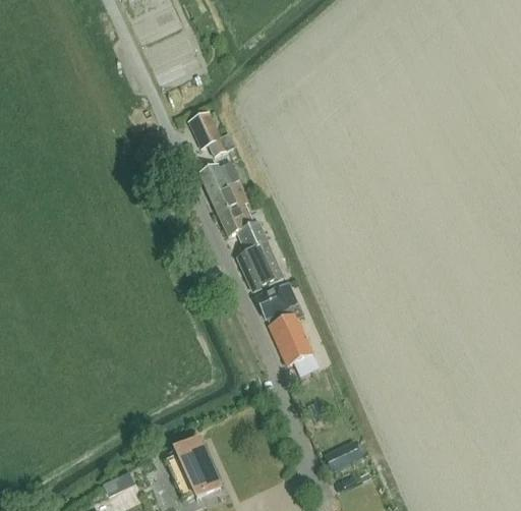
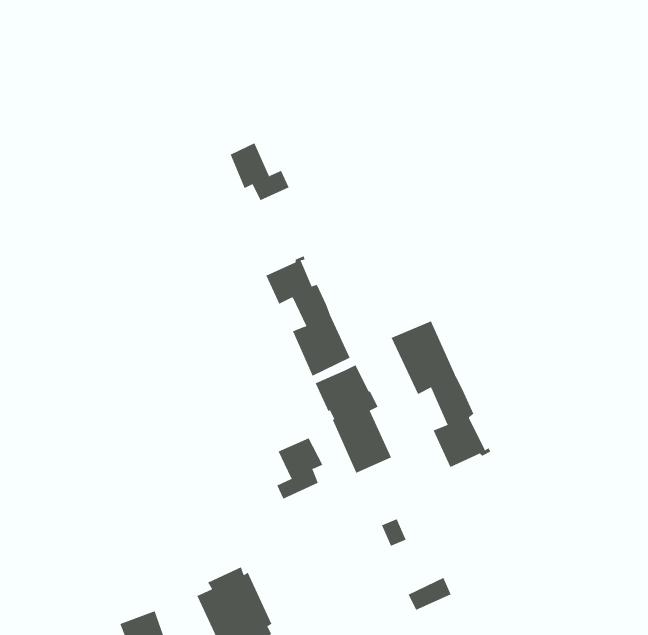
building: [198,164,246,213] -> none
building: none -> [391,320,491,468]
building: none -> [277,437,323,500]

